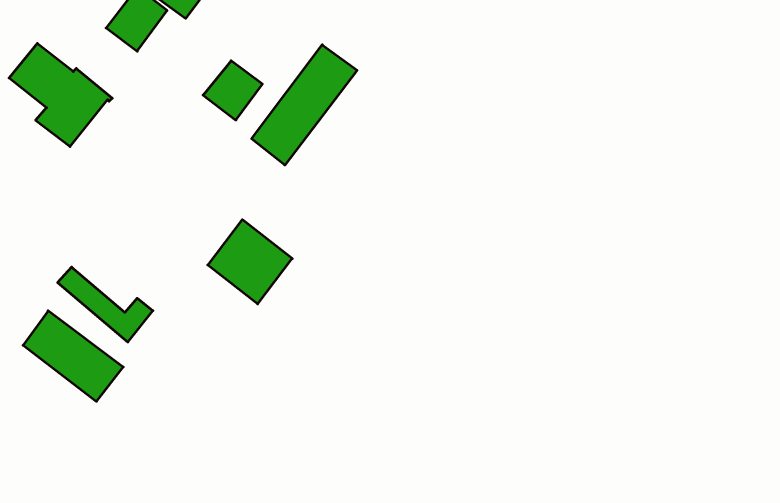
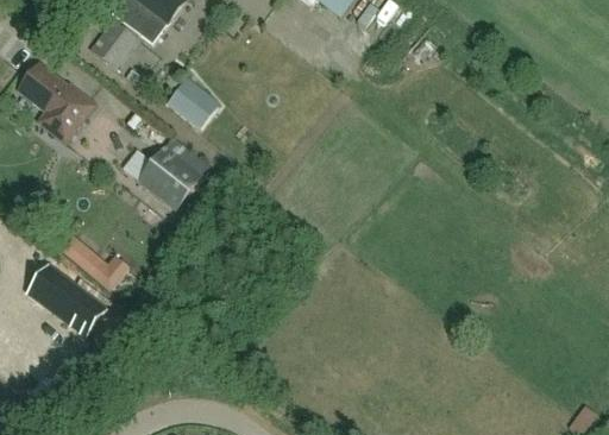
building: [252,45,357,165] -> none
building: [208,220,292,304] -> [137,146,201,210]

